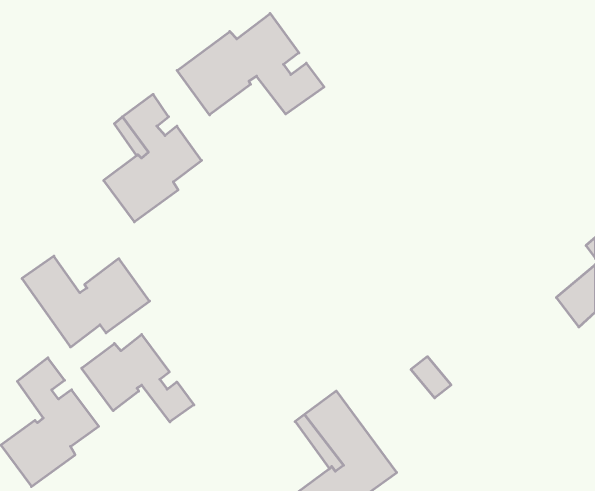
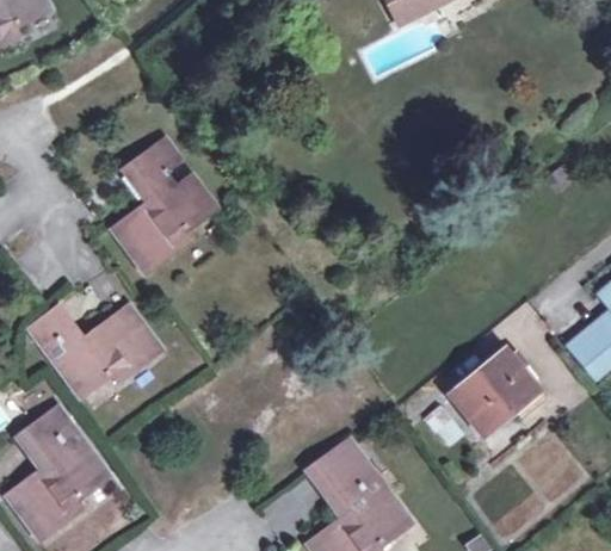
building: [177,13,324,115] -> none
building: none -> [451,351,538,435]
building: [82,334,194,422] -> none

